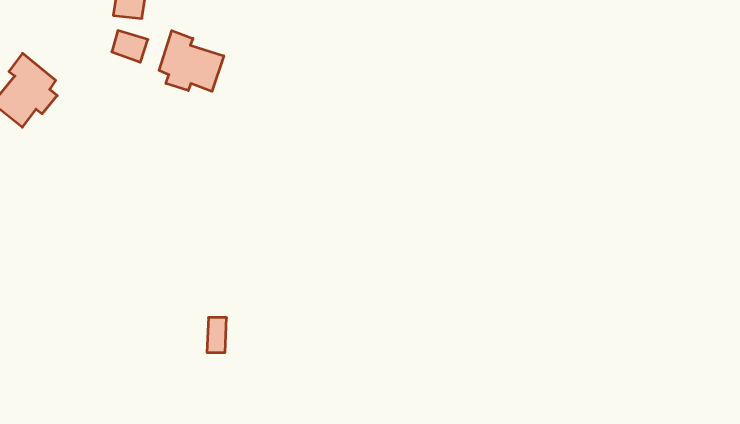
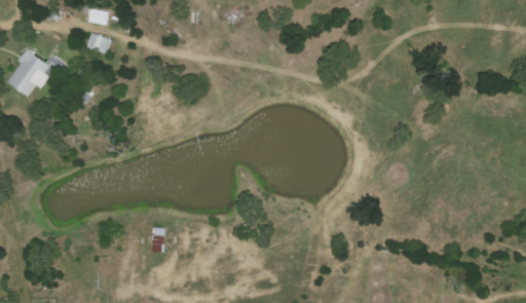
building: [159,31,224,91] -> none

